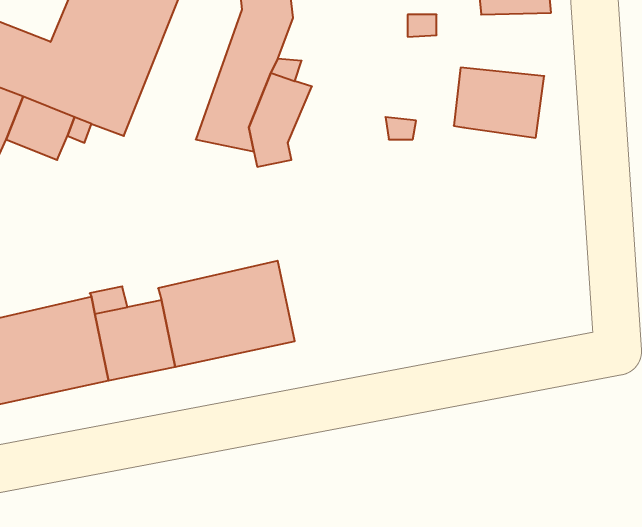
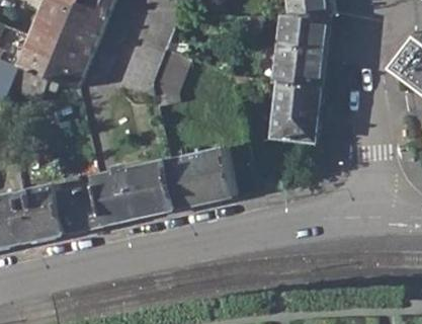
building: none -> [274,15,328,53]
building: none -> [271,83,319,142]
building: none -> [166,149,234,210]

